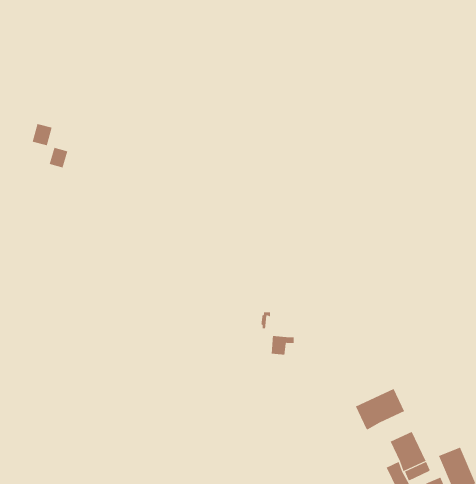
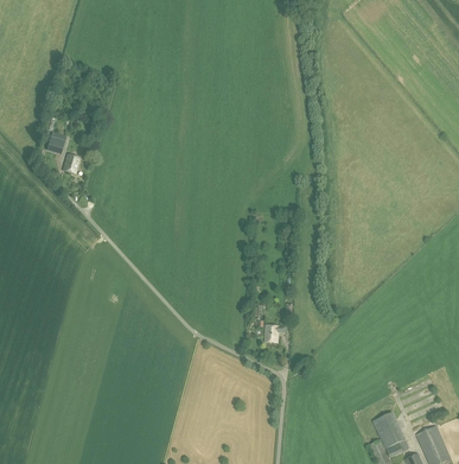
building: [355,388,405,430] -> none

